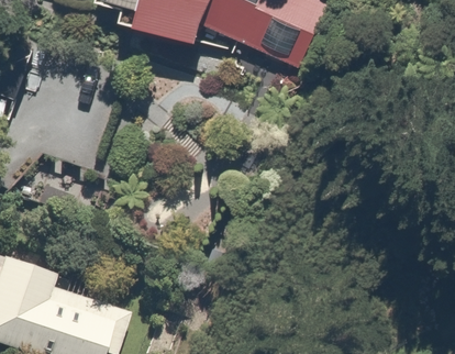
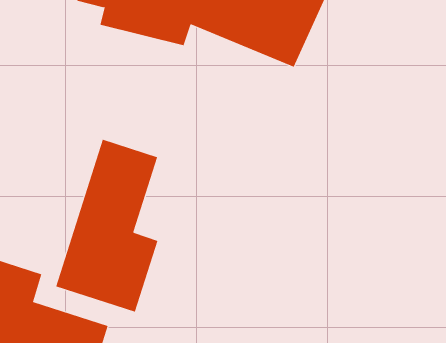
building: none -> [55,139,158,312]

